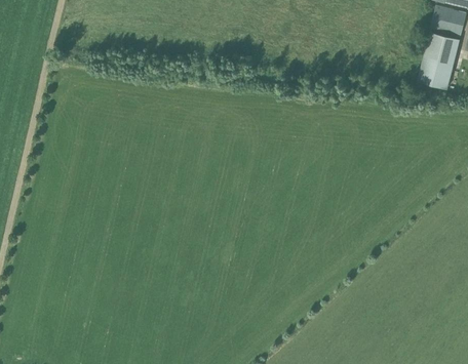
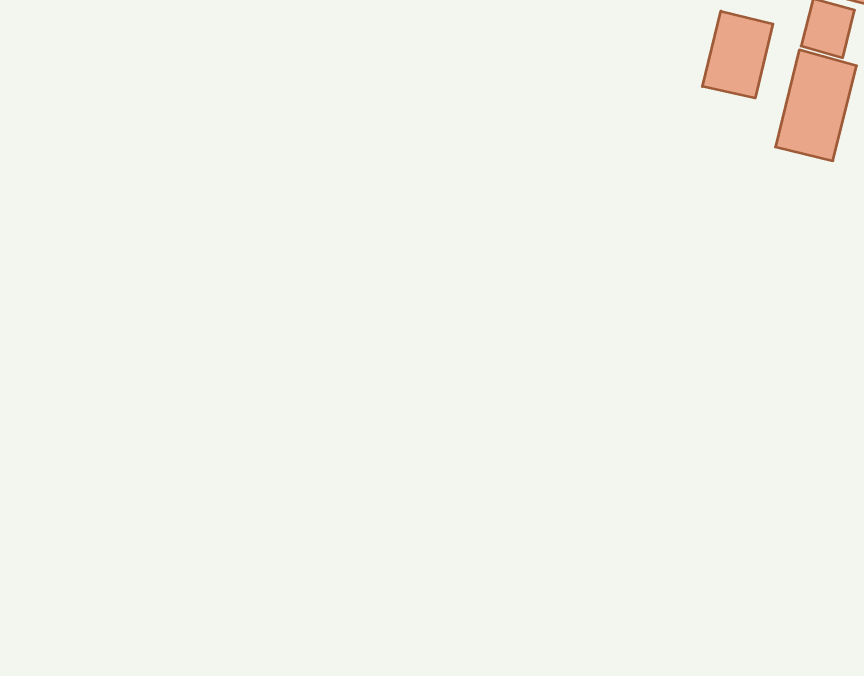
building: none -> [702,11,773,98]

